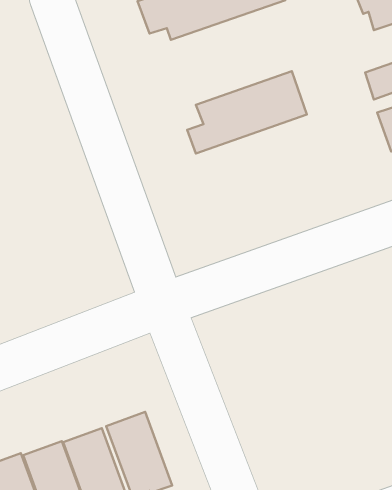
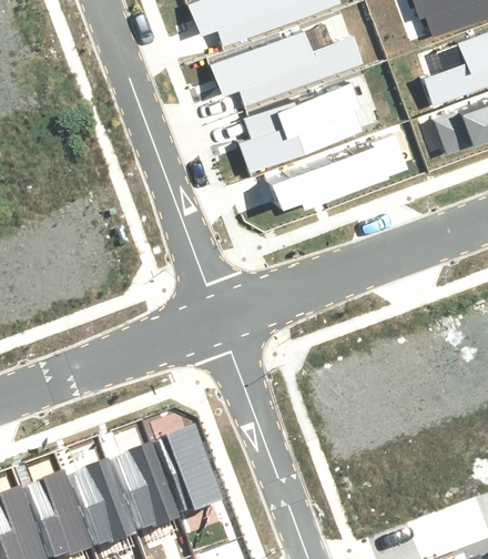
building: none -> [210,27,362,99]
building: none -> [268,132,406,207]

